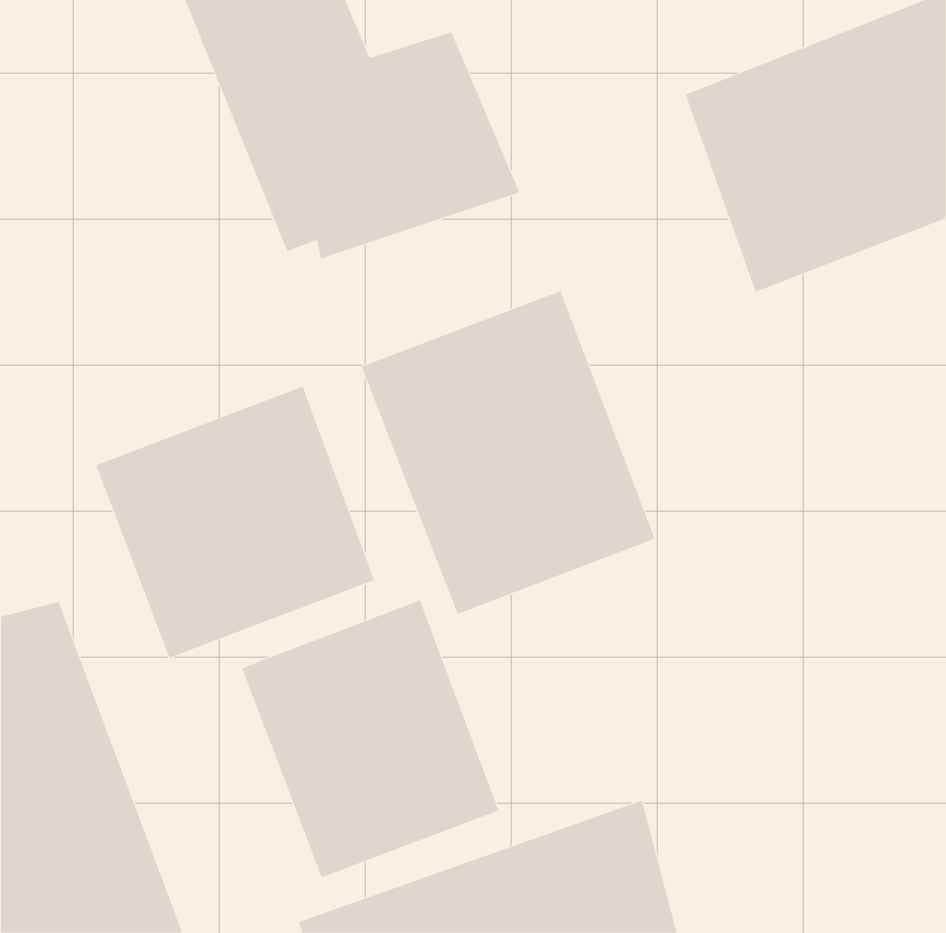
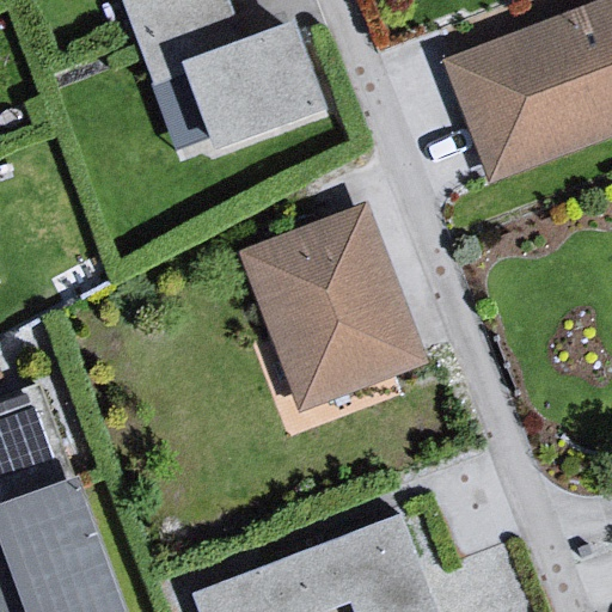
building: [96,386,375,658] -> none
building: [242,600,499,878] -> none

